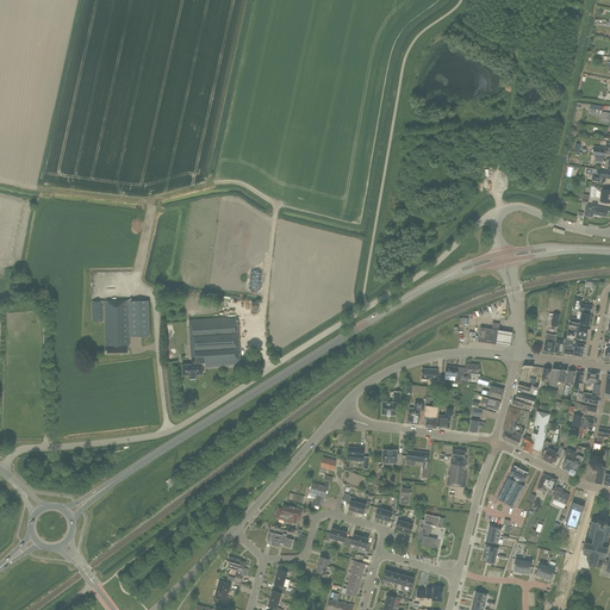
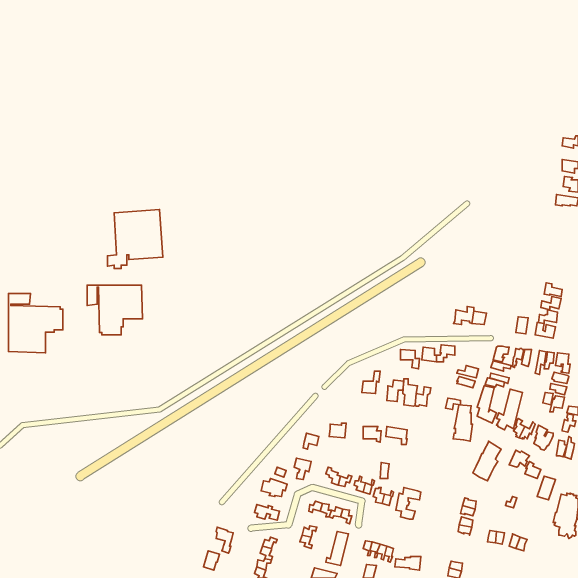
building: none -> [8,293,63,353]
building: [182,316,241,378] -> [107,210,163,268]
building: [447,449,467,487] -> [453,405,472,441]

